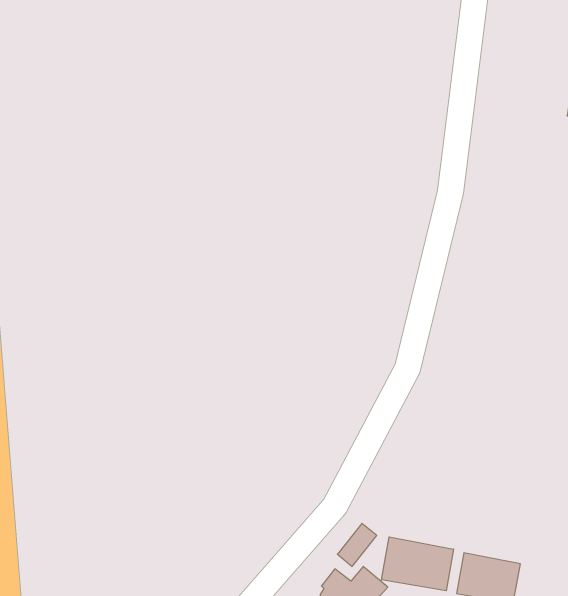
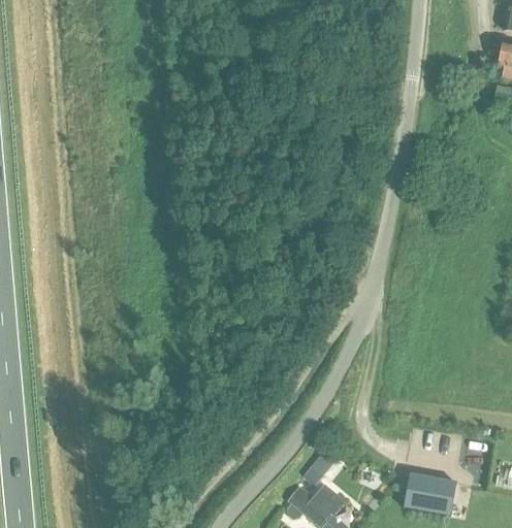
building: [381,537,454,591] -> none

